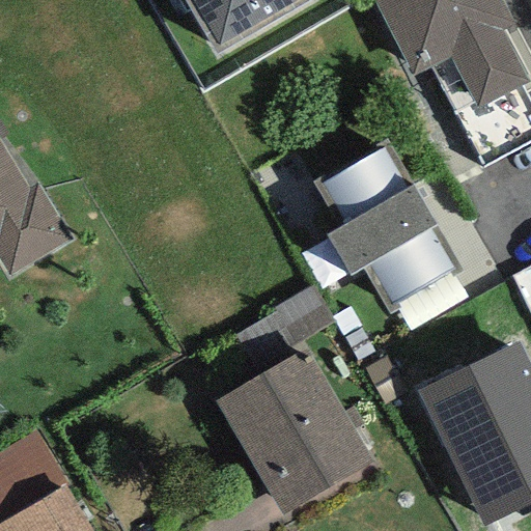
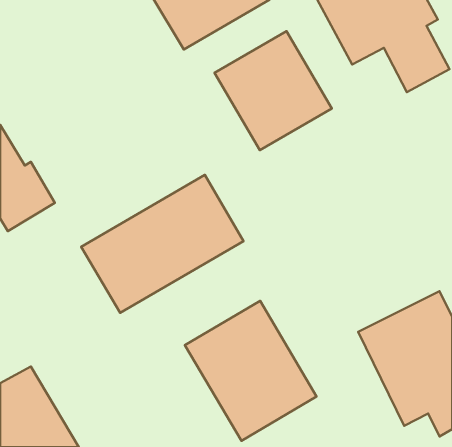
building: none -> [215,31,332,150]
building: [309,140,463,314] -> none
building: none -> [81,175,244,313]

